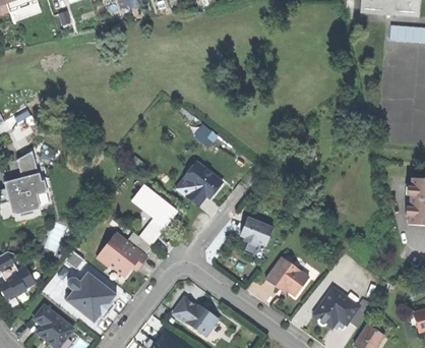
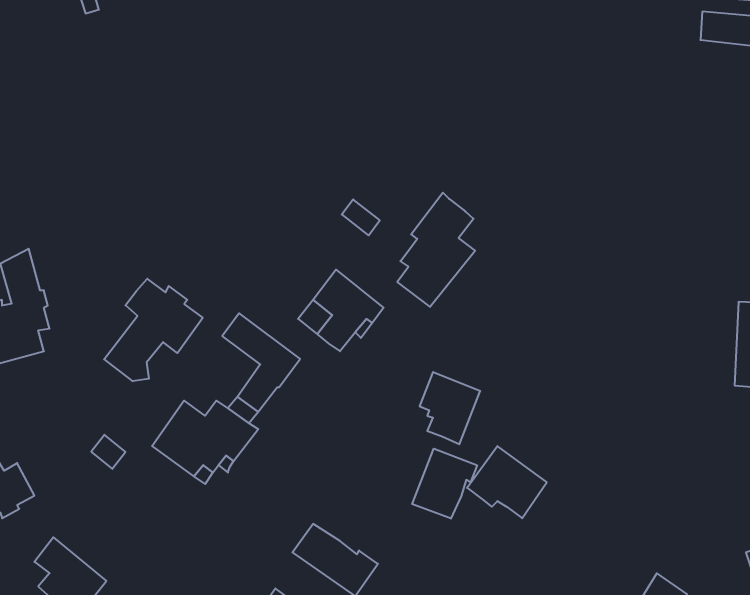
building: none -> [397,193,475,307]
building: none -> [104,279,203,381]
building: none -> [412,449,477,519]
building: [65,272,116,323] -> none
building: [315,288,370,326] -> none

